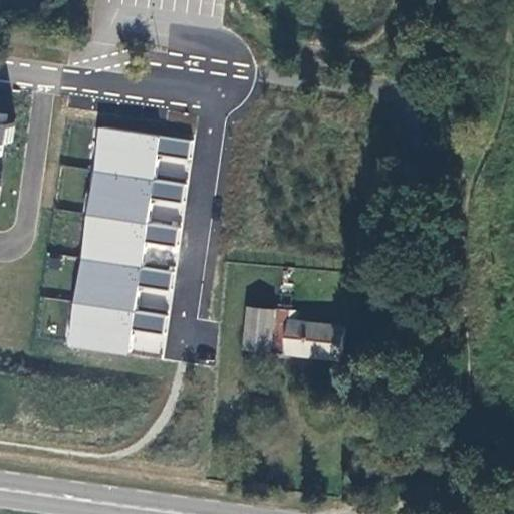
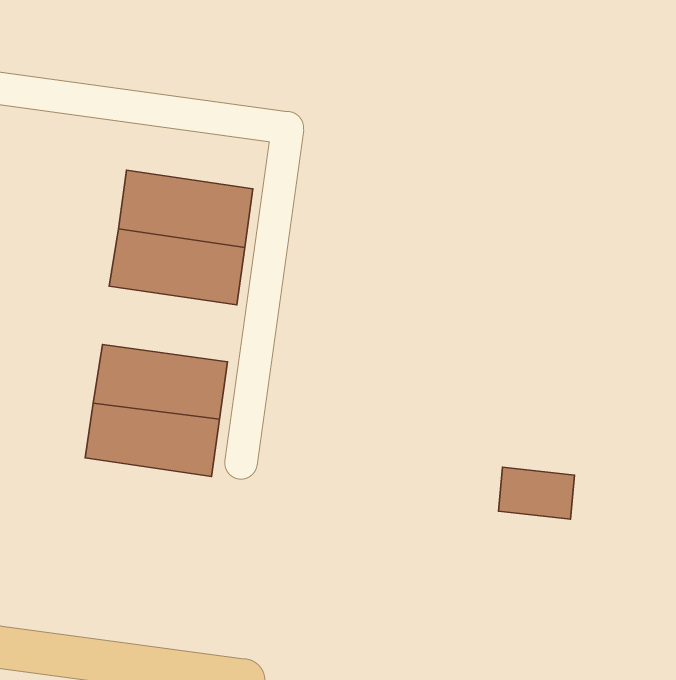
building: [77,216,179,273] -> none
building: [243,306,275,351] -> none
building: [286,320,343,359] -> [499,467,574,519]

